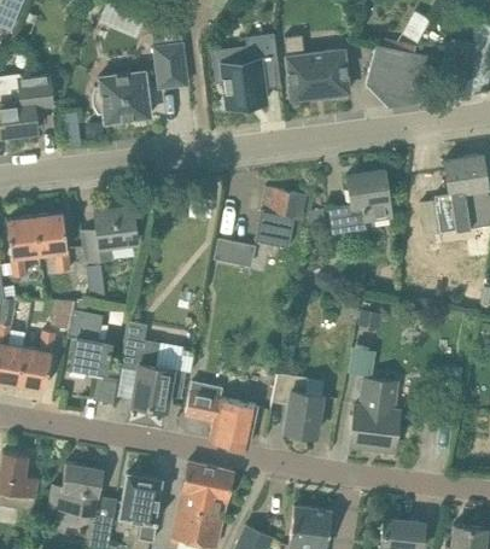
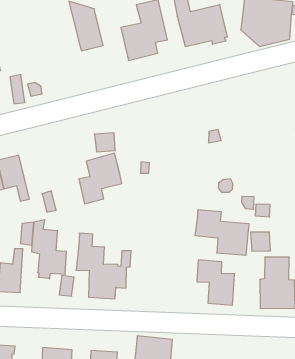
building: [92,70,150,123] -> none
building: [328,170,392,235] -> none
building: [252,188,305,249] -> none
building: [82,204,136,264] -> [79,153,122,204]
building: [185,382,256,448] -> [195,210,249,255]

